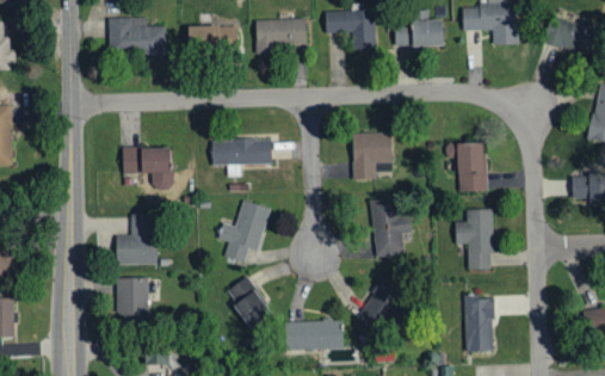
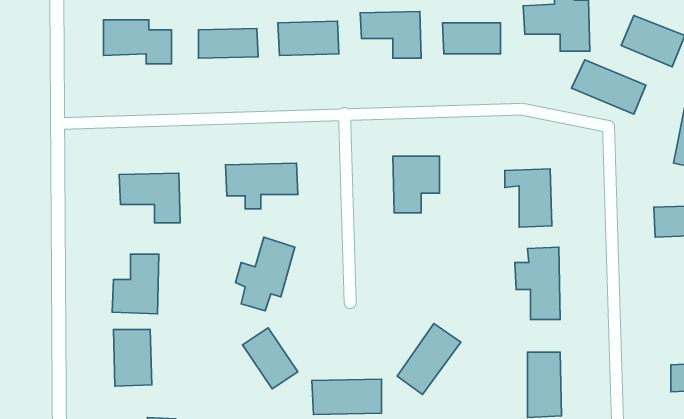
building: none -> [571,60,646,114]
building: [371,198,410,255] -> none

